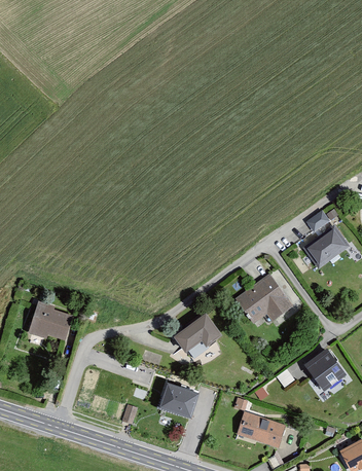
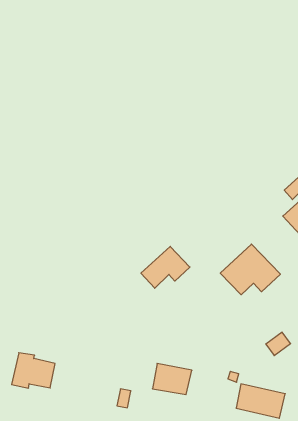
building: [25,301,70,339] -> [12,353,55,388]
building: [177,314,226,354] -> [141,246,190,288]

